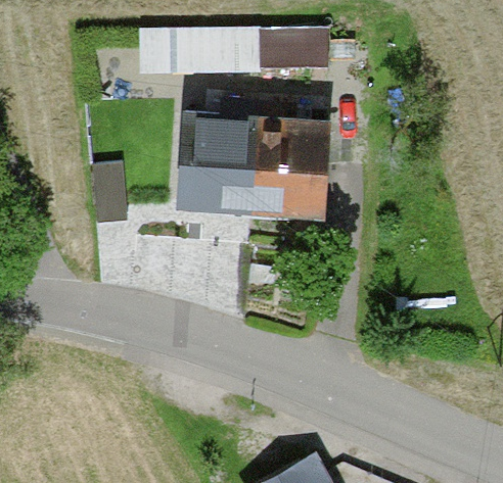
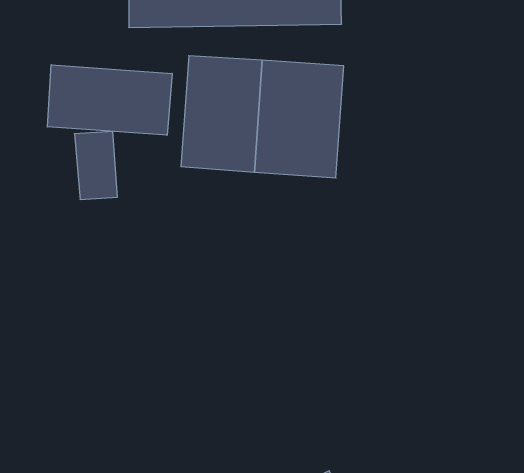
building: none -> [47,65,172,135]

